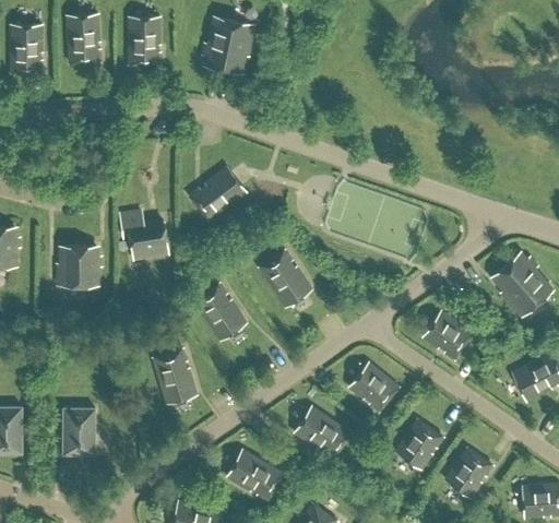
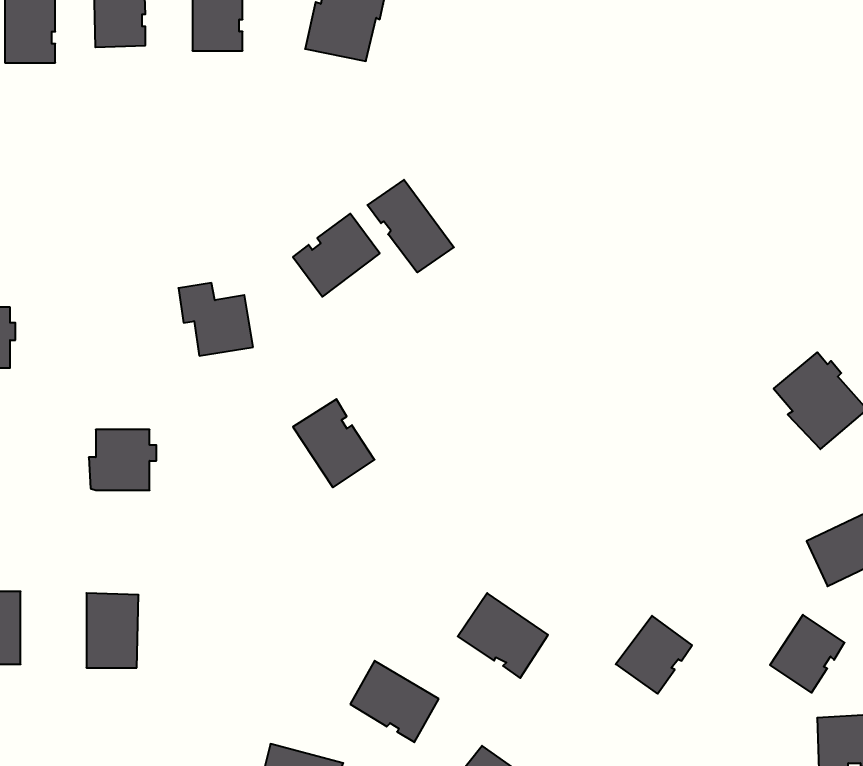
building: none -> [367,180,454,272]
building: [57,247,99,285] -> [89,430,156,490]
building: [261,253,312,309] -> none
building: [423,312,472,360] -> none
building: [151,350,195,403] -> none
building: [350,365,401,413] -> none
building: [444,449,491,498] -> [770,615,845,693]

